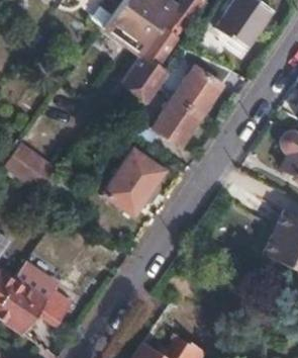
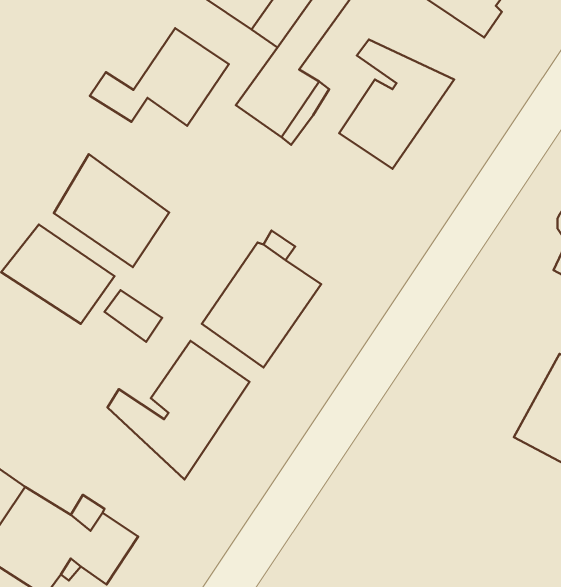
building: [130,96,201,146] -> [90,28,229,126]
building: none -> [54,154,169,267]
building: none -> [108,341,250,480]

